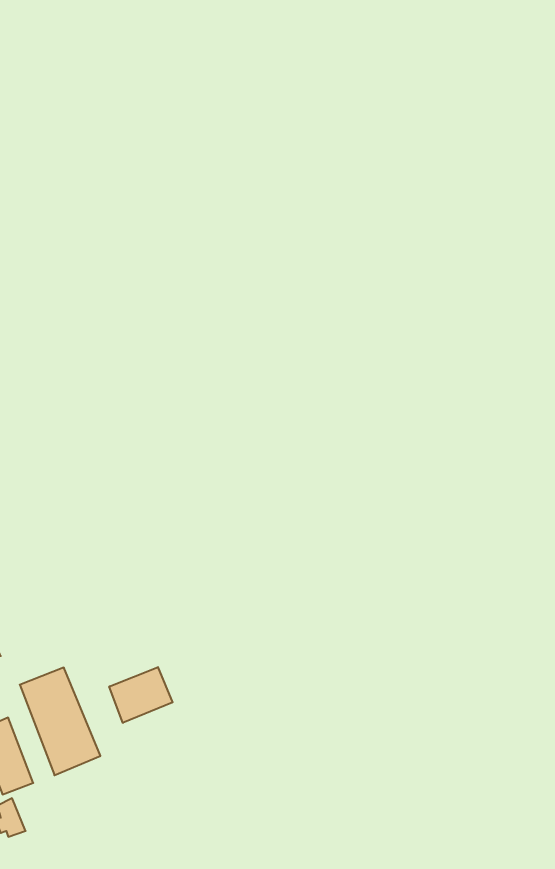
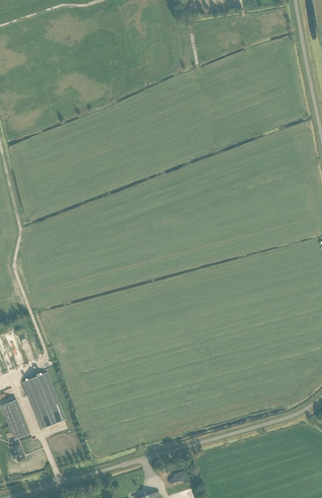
building: [109,667,173,723] -> none

